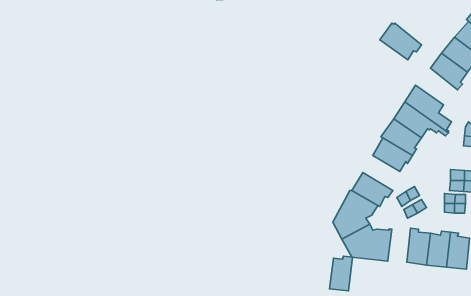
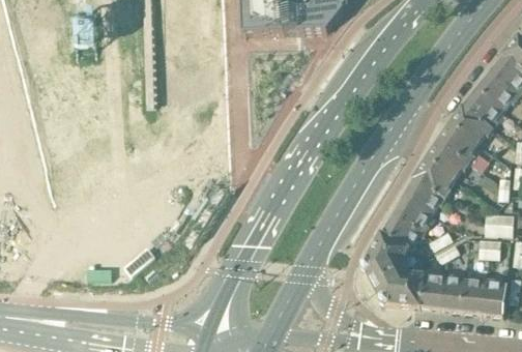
building: [380,23,422,60] -> [448,104,492,142]
building: none -> [394,195,432,231]
building: [330,256,353,291] -> [419,269,443,305]

